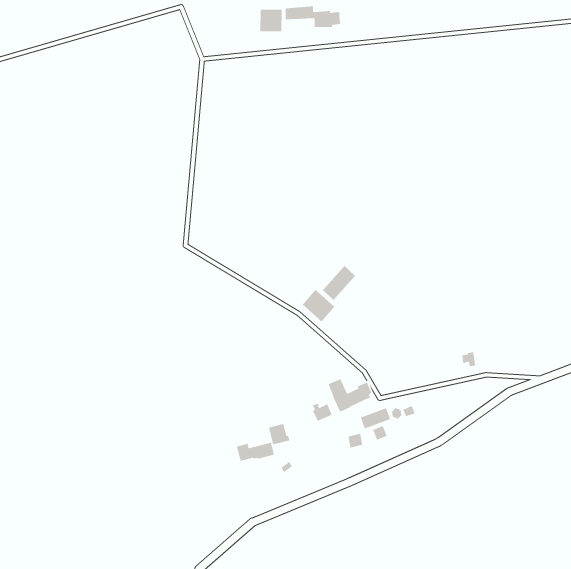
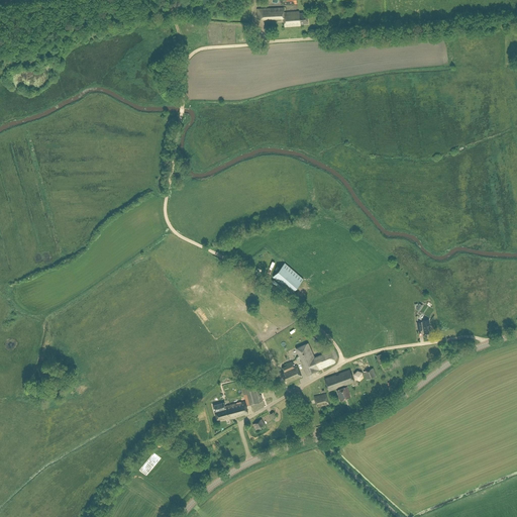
building: [259,9,282,32] -> none
building: [322,265,356,301] -> none

